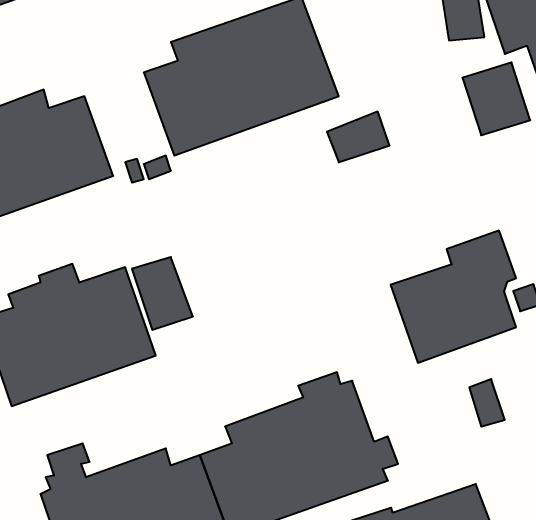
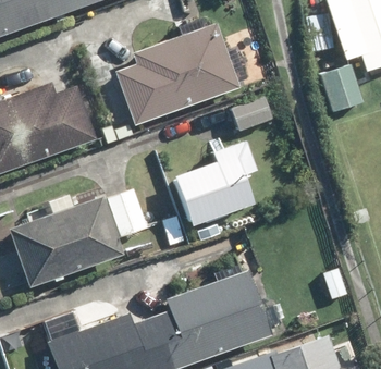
building: [391,231,516,363] -> [176,140,257,225]

